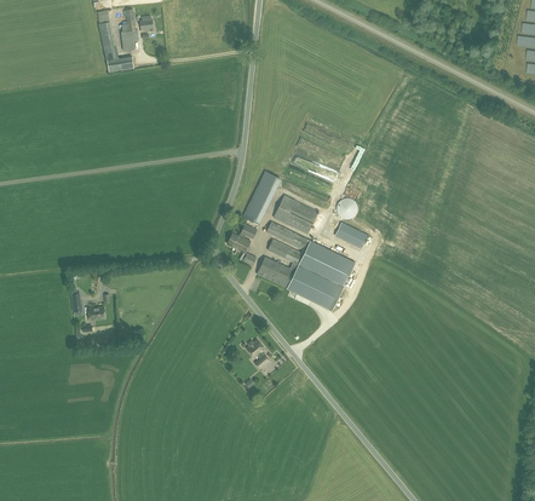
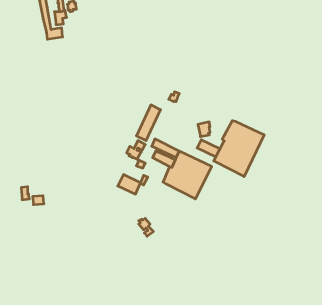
building: none -> [214,121,264,177]
building: [274,195,318,234] -> none
building: [257,257,290,286] -> [118,175,140,194]

